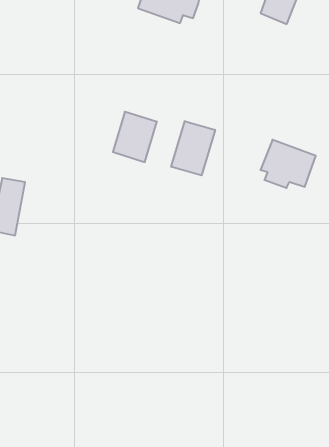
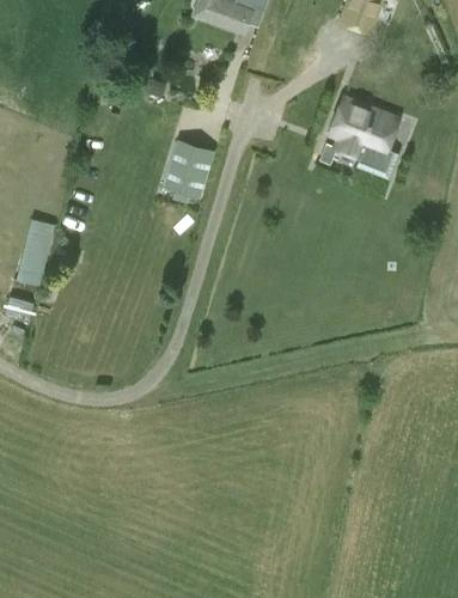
building: [171,121,215,175] -> none
building: [260,140,316,188] -> [329,99,395,157]

